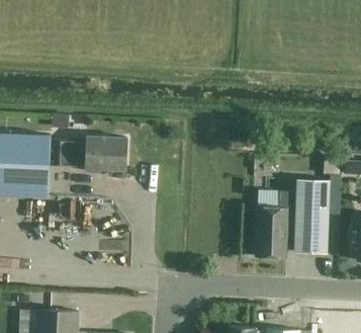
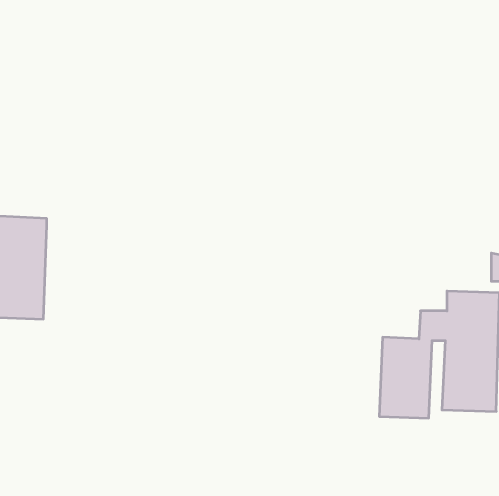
building: [58,138,126,172] -> none

